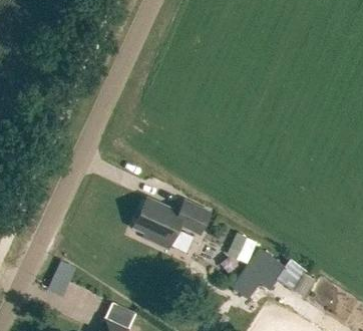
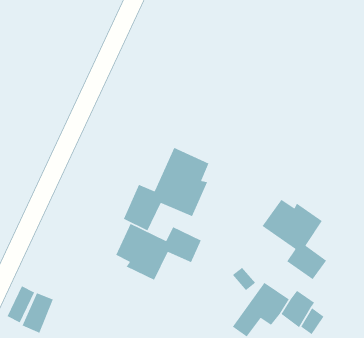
building: none -> [123,147,209,231]
building: none -> [261,199,327,280]

